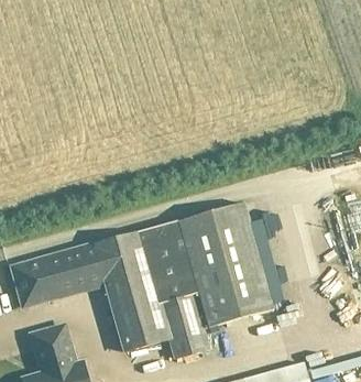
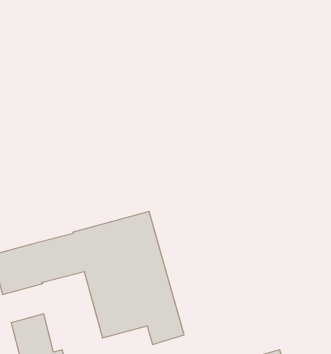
building: [171,201,278,347] -> none

